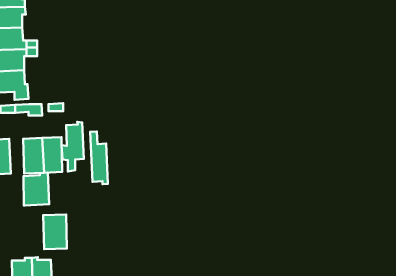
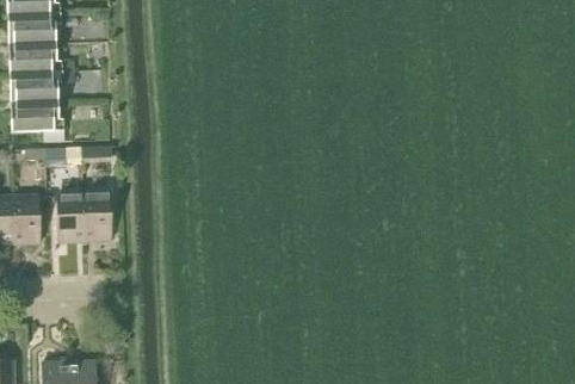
building: [62,122,84,172] -> none
building: [90,131,108,184] -> none
building: [24,173,49,206] -> none
building: [43,215,67,249] -> none

